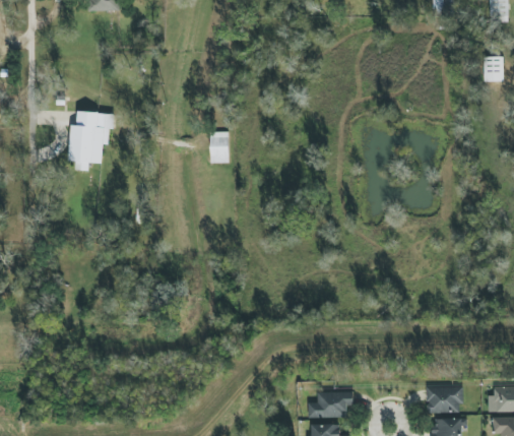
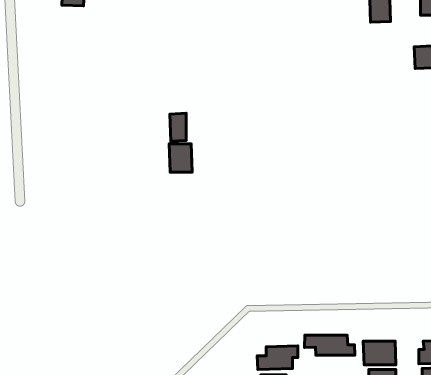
building: [68,111,114,170] -> none
building: none -> [169,144,192,172]
building: none -> [304,335,355,355]

